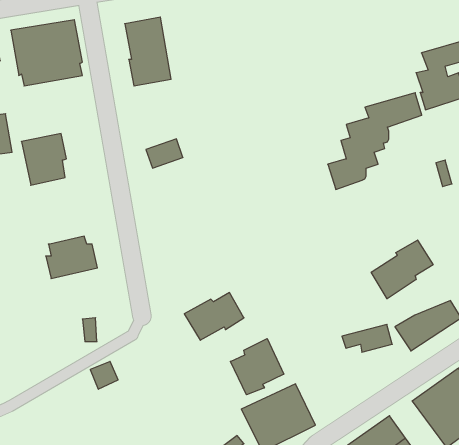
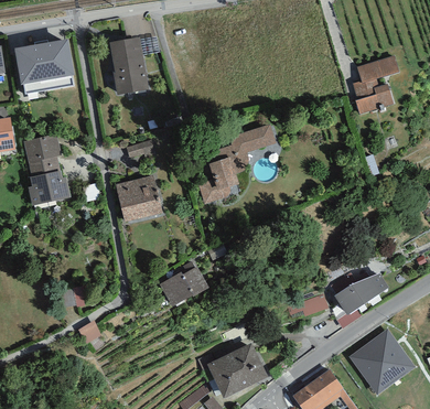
building: [328,93,422,189] -> [197,123,276,204]
building: none -> [116,175,162,222]
building: [46,236,97,279] -> [28,170,71,205]
building: [371,240,433,299] -> none
building: [230,339,284,395] -> none

